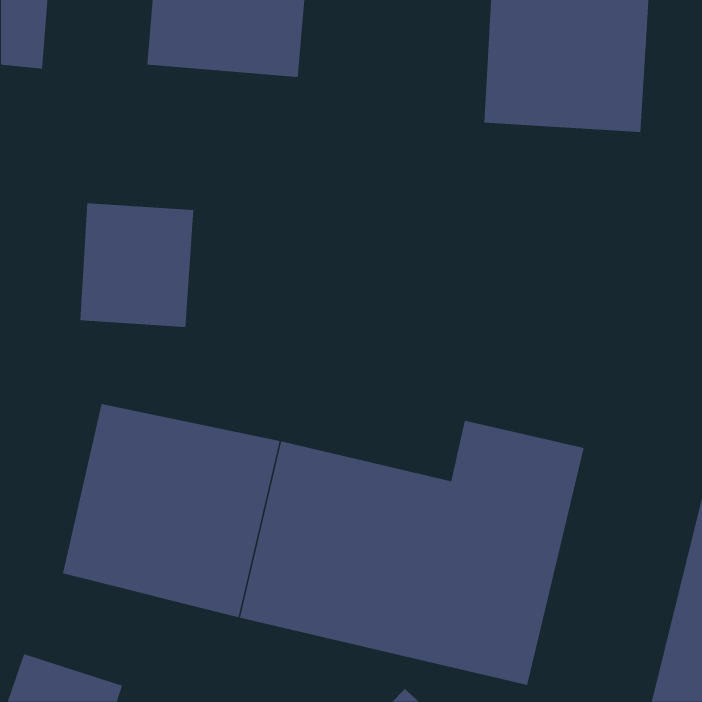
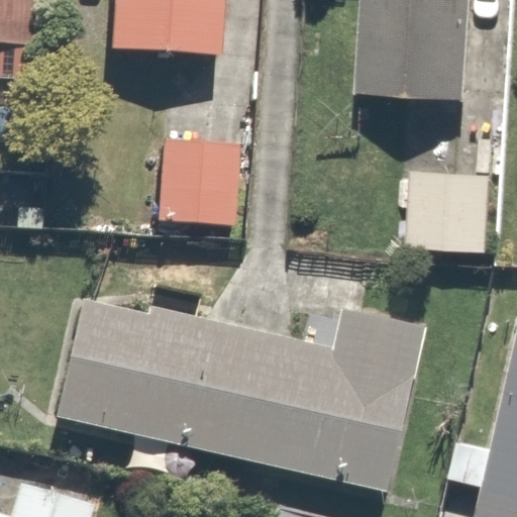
building: [80,203,194,327] -> [152,130,236,221]
building: none -> [404,164,493,241]

